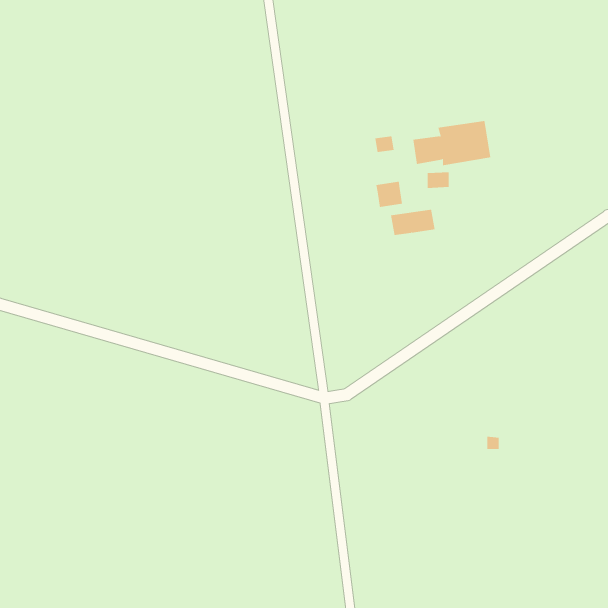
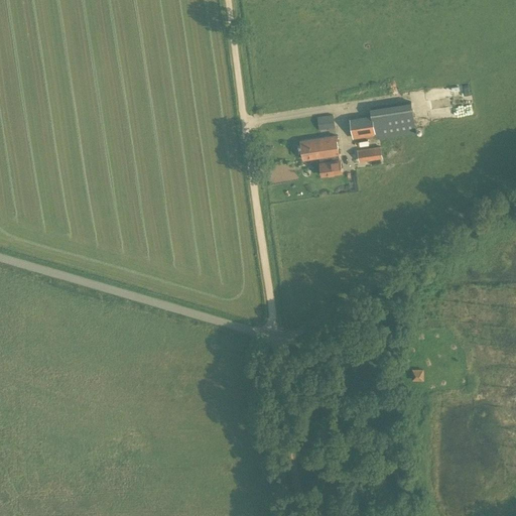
building: [390,209,435,235] -> [299,137,338,159]

